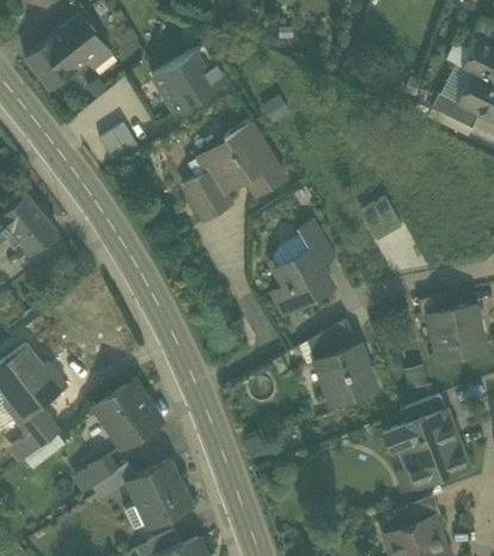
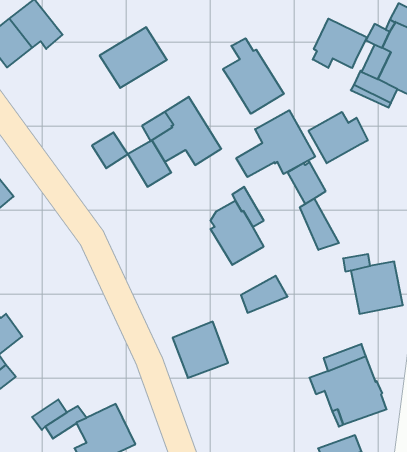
building: none -> [313,19,367,68]
building: none -> [223,38,284,114]
building: [99,126,139,165] -> [92,132,128,168]
building: none -> [236,110,315,177]
building: none -> [309,112,368,163]
building: none -> [300,199,339,250]
building: [315,344,376,406] -> [173,322,228,378]
building: [94,382,160,448] -> none

